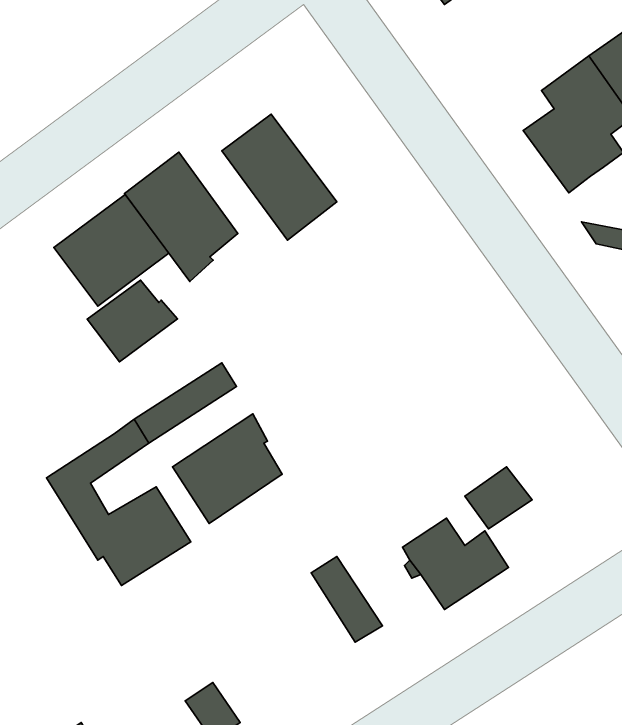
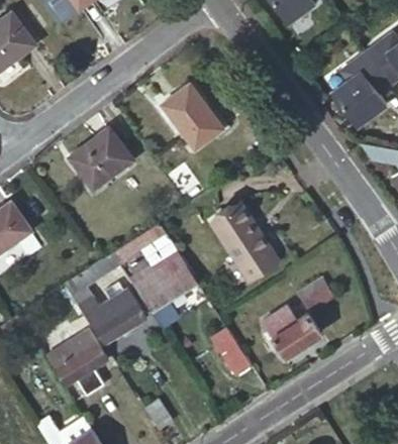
building: [125,152,238,281] -> none
building: [87,280,177,362] -> none
building: none -> [212,204,279,280]
building: none -> [47,330,108,385]

